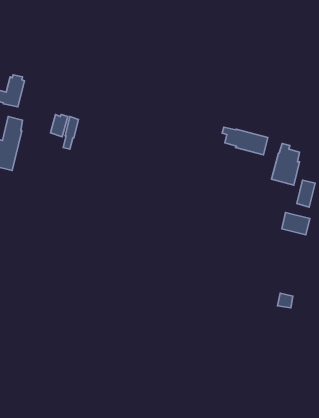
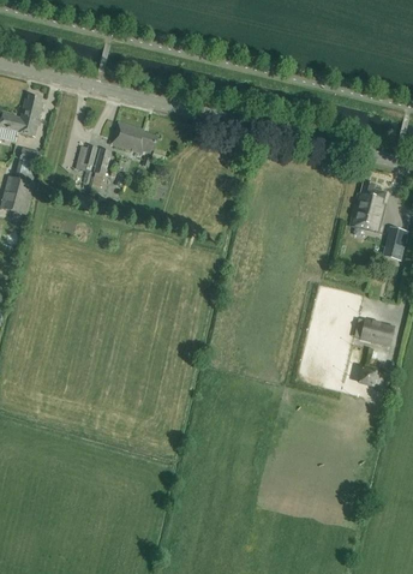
building: none -> [112,121,158,154]
building: [222,127,268,155] -> none
building: [282,213,310,235] -> [359,319,394,347]

